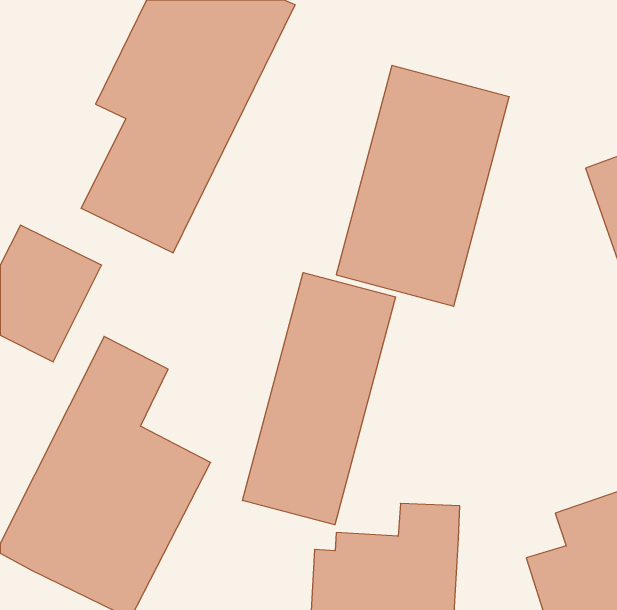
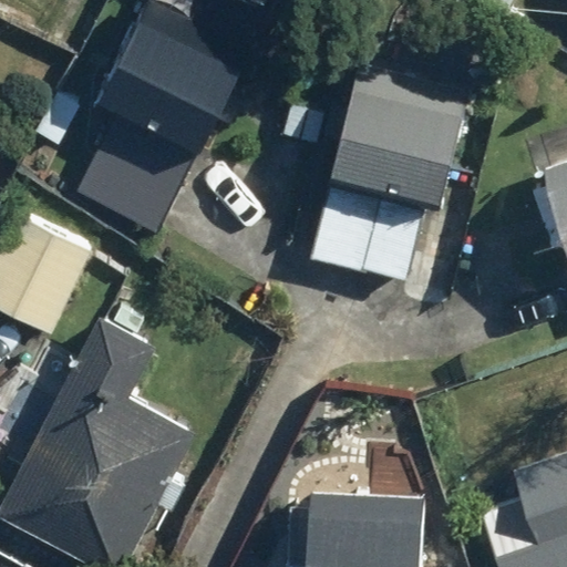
building: [243,273,395,525] -> none

